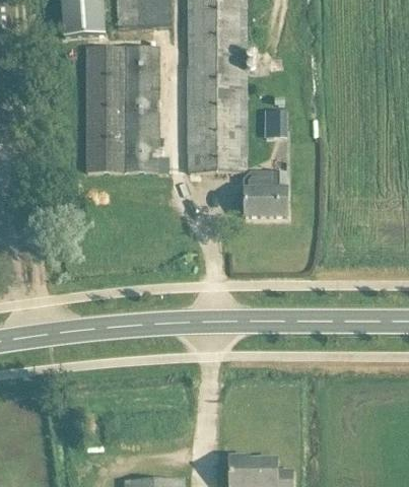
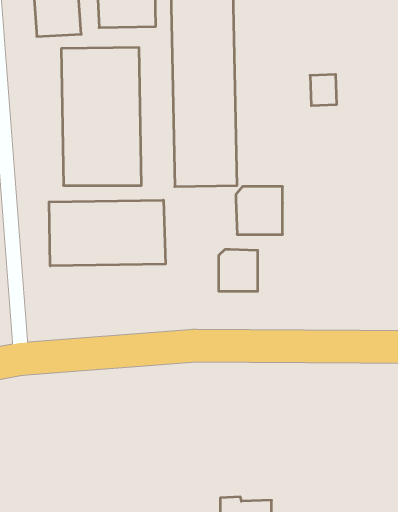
building: [265,107,289,135] -> [310,74,337,106]
building: none -> [49,200,165,266]
building: none -> [219,249,258,291]

